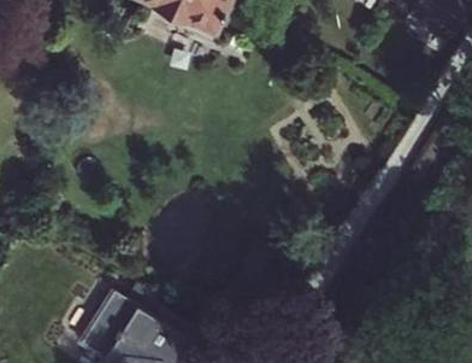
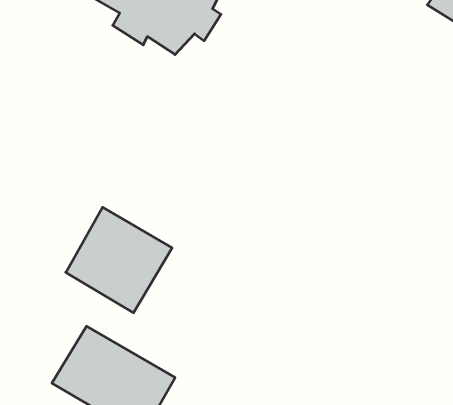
building: none -> [66,207,172,313]

